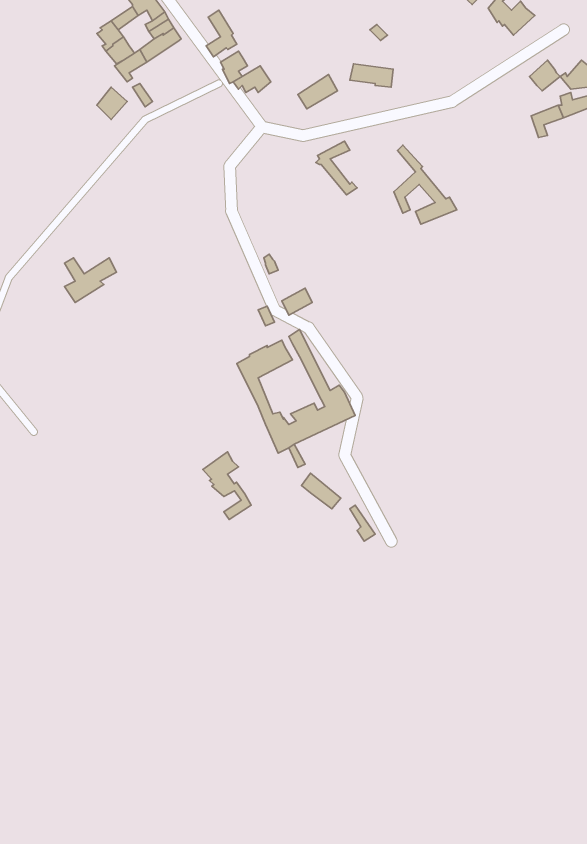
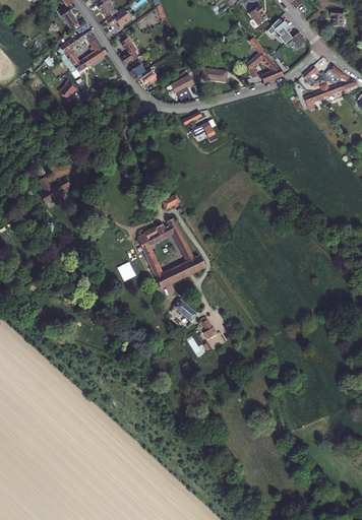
building: [394,145,457,224] -> [248,38,284,82]
building: [203,452,251,520] -> none

